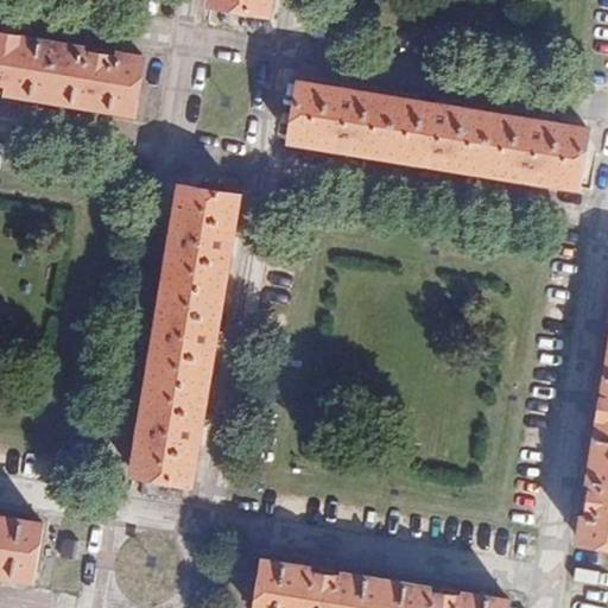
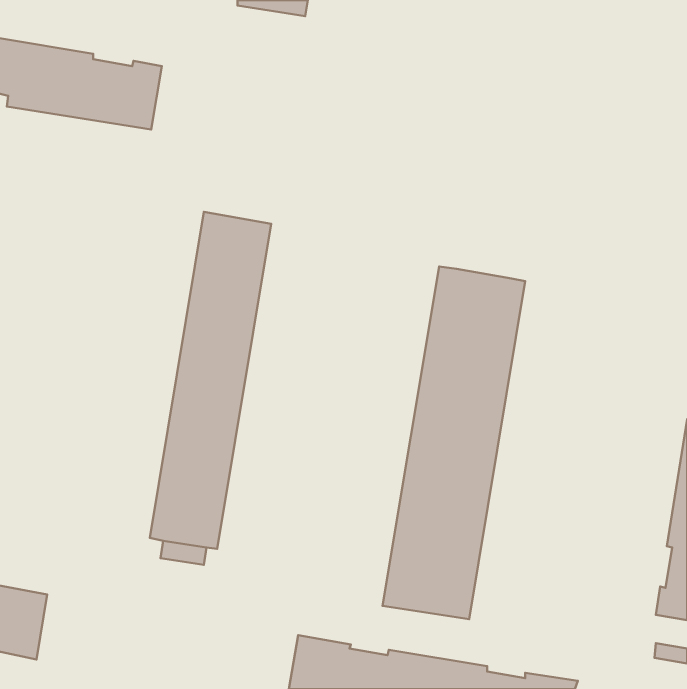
building: [290,82,587,188] -> none
building: none -> [382,266,525,619]

